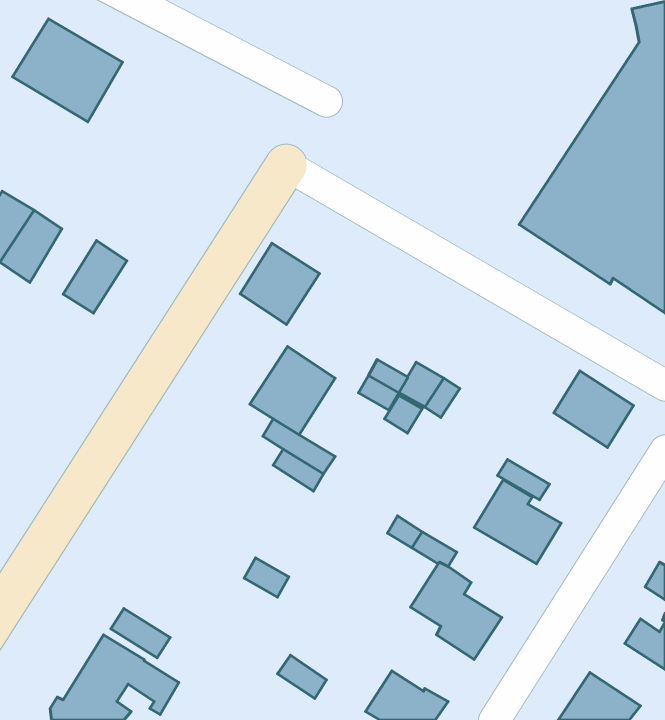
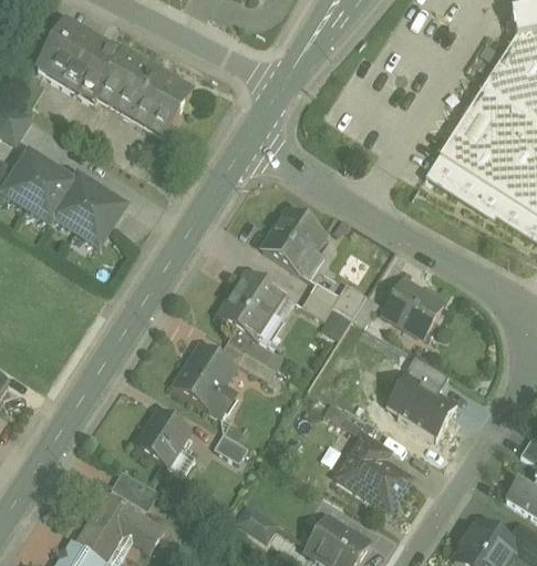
building: none -> [97,48,190,133]
building: none -> [53,174,101,229]
building: [240,243,320,324] -> [262,208,323,270]
building: [554,371,633,448] -> [382,277,443,336]
building: none -> [173,342,235,415]
building: none -> [135,408,190,464]

